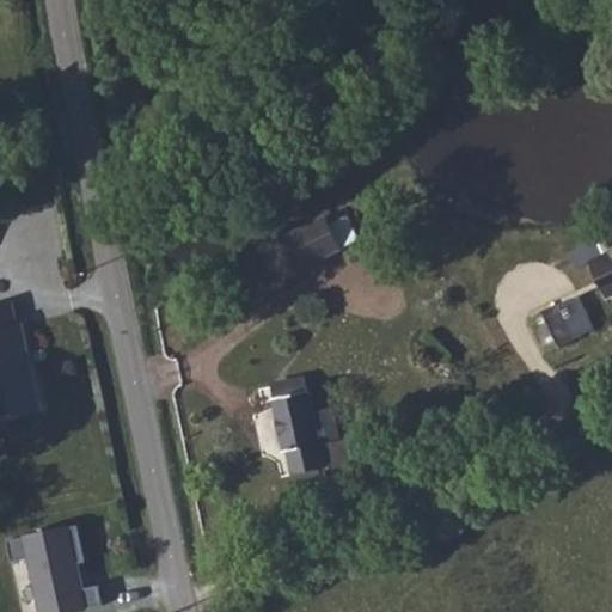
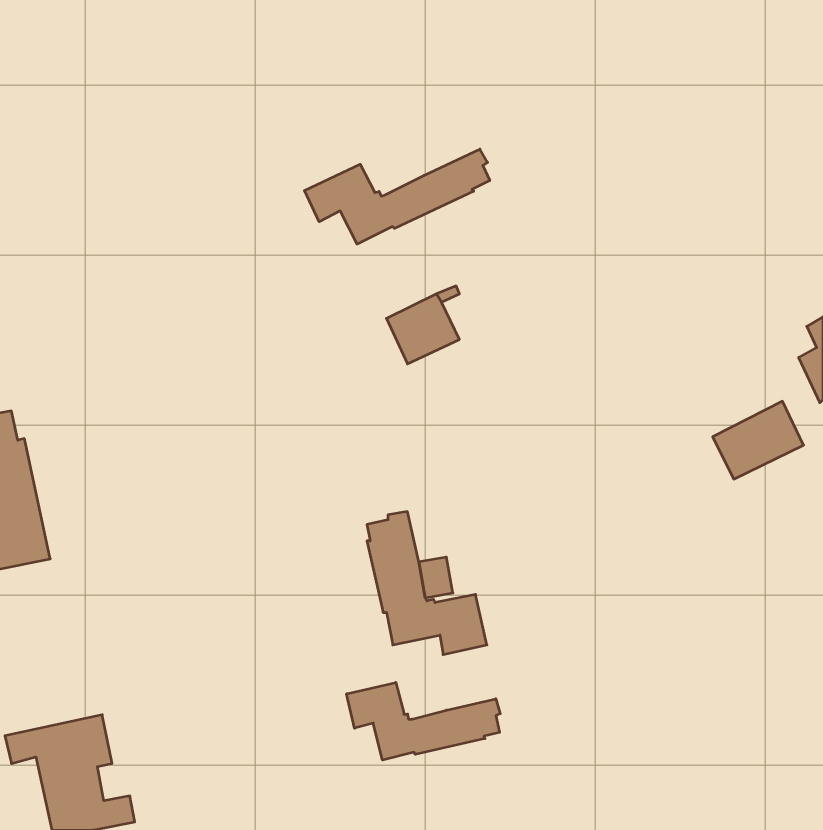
building: none -> [304,149,490,244]
building: none -> [347,682,500,760]

